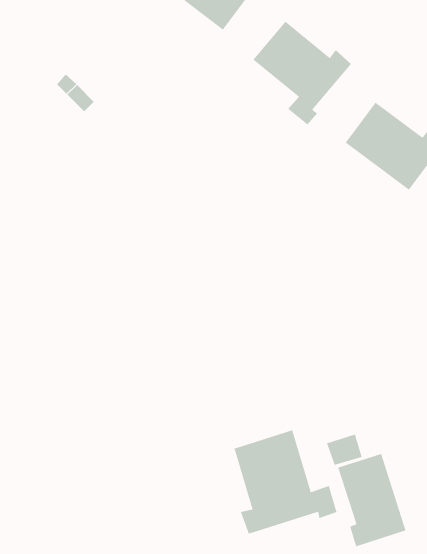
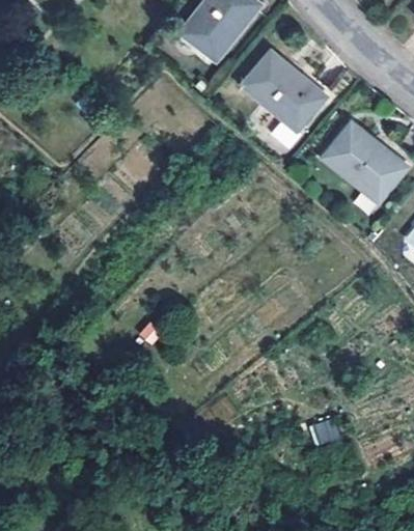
building: [234,430,337,535] -> none
building: [337,453,406,547] -> none

